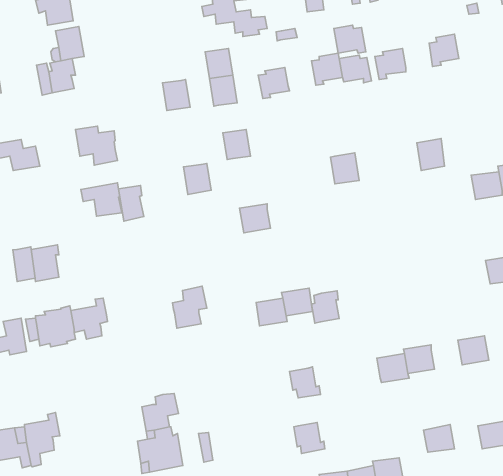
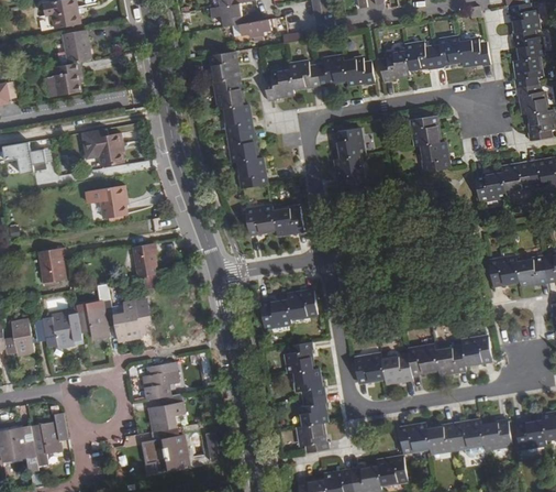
building: [334,25,366,53] -> [289,62,321,89]
building: none -> [459,40,491,67]
building: none -> [405,43,436,70]
building: [162,80,190,111] -> [224,105,252,135]
building: none -> [412,116,440,146]
building: none -> [335,128,364,158]
building: [183,163,211,195] -> [238,157,266,188]
building: [118,186,144,221] -> [133,243,158,278]
building: none -> [273,207,304,234]
building: [13,247,35,281] -> none
building: [172,286,207,328] -> [113,299,147,341]
building: [312,291,339,323] -> [286,341,313,373]
building: none -> [435,347,467,374]
building: none -> [354,354,385,382]
building: none -> [143,362,178,400]
building: none -> [300,395,327,426]
building: none -> [454,420,485,449]
building: none -> [399,425,431,452]

